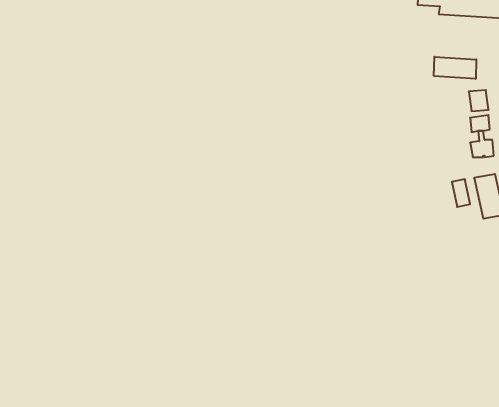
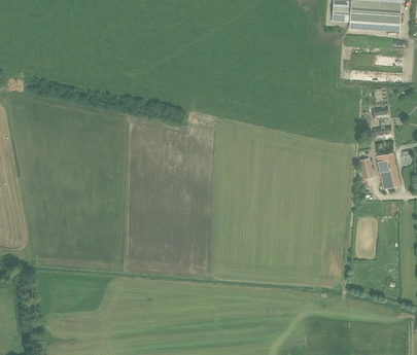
building: [434,57,476,79] -> none

